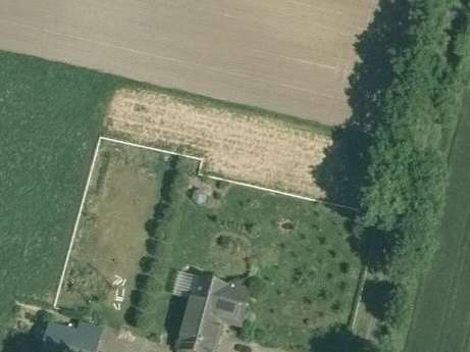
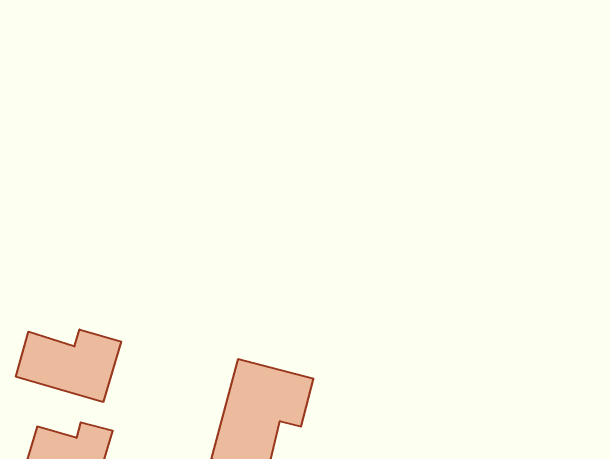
building: none -> [16,329,121,402]

